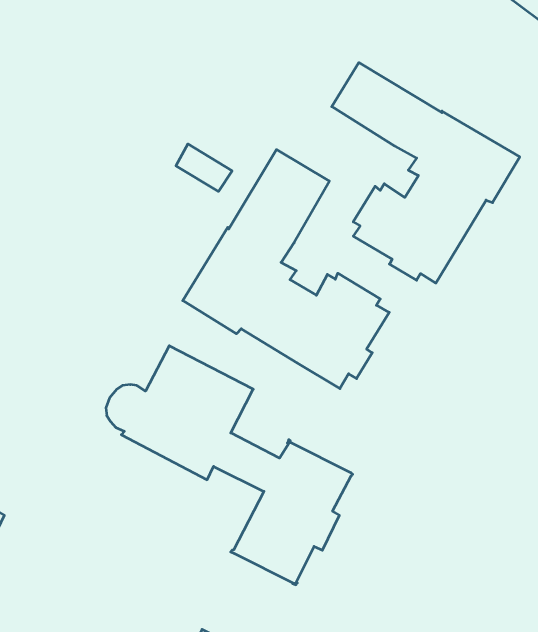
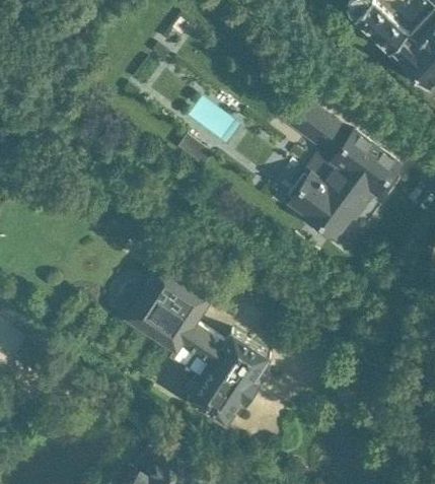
building: [183,150,389,389] -> none

